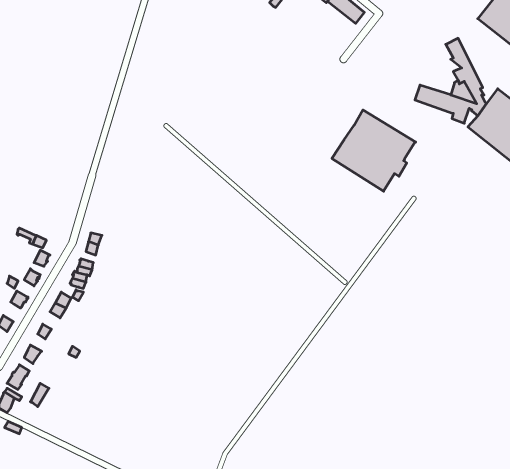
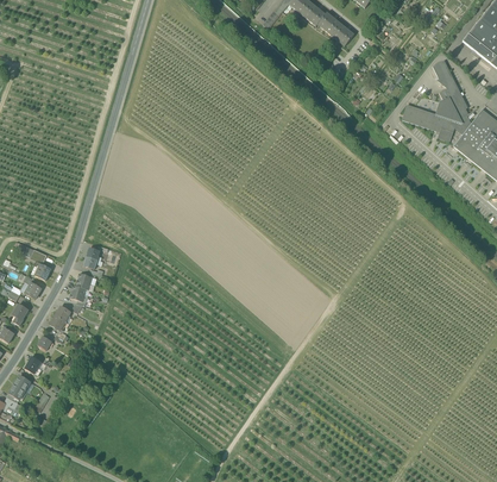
building: [332,110,416,191] -> none

